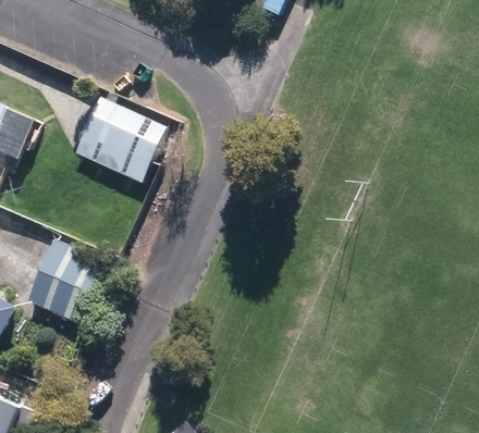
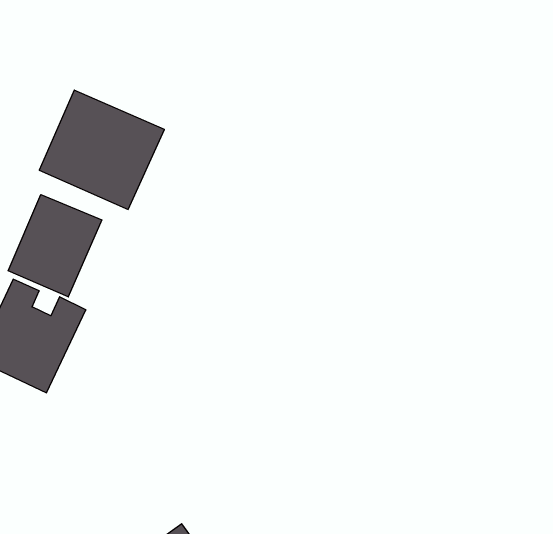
building: none -> [8,195,102,297]

